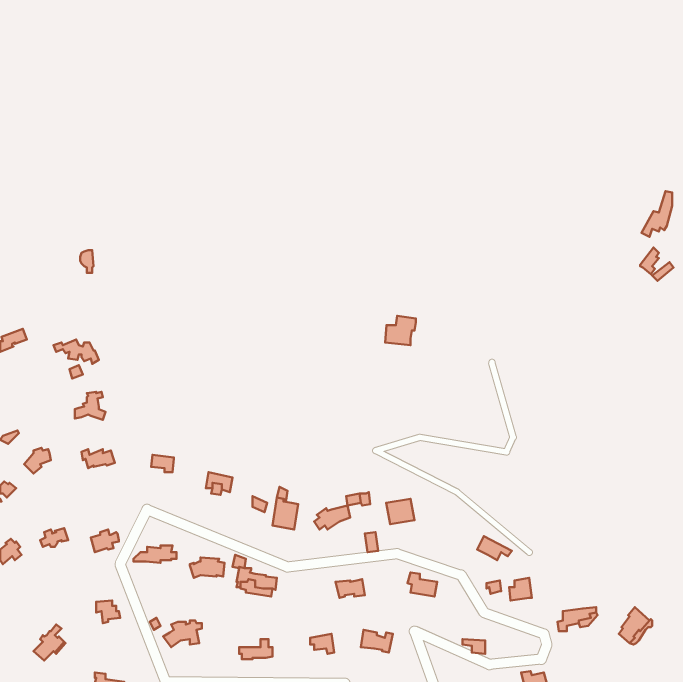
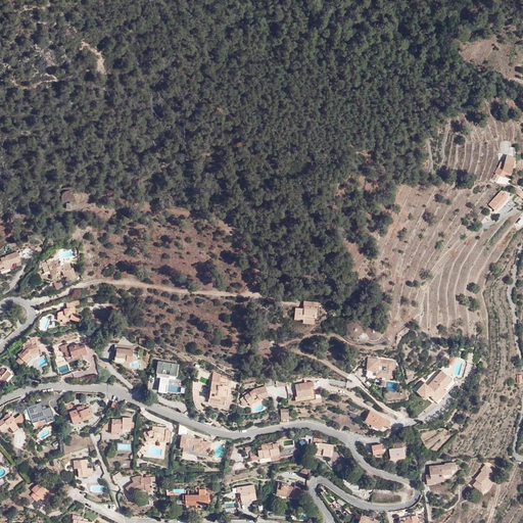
building: [385,316,416,345] -> [294,301,318,324]
building: none -> [367,359,394,379]
building: none -> [416,371,456,405]

